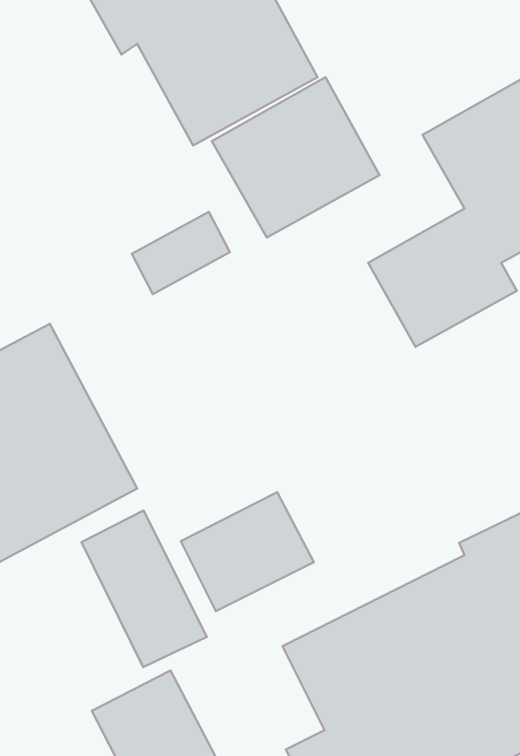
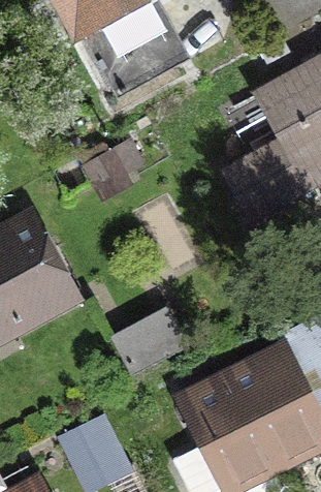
building: [212,77,379,238] -> none
building: [81,510,207,667] -> none

